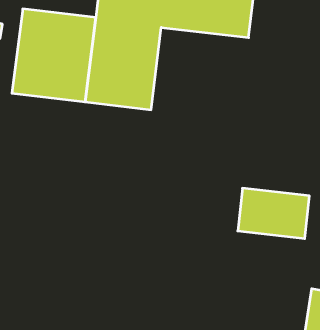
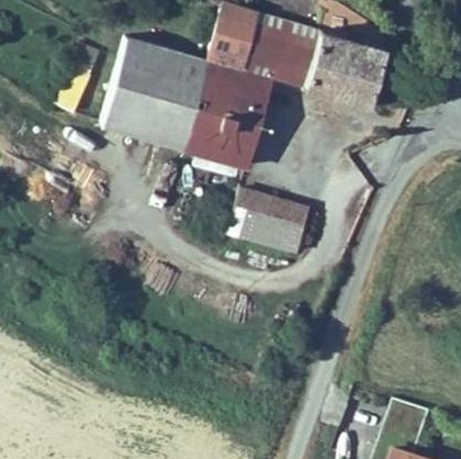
building: [238,188,309,239] -> [226,188,312,255]

